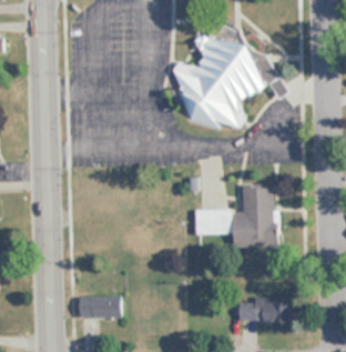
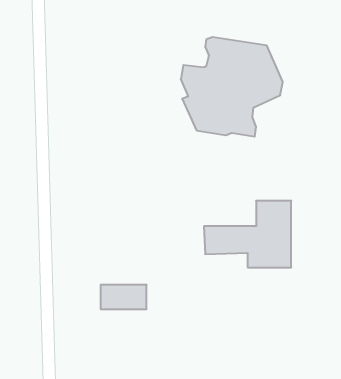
building: [80,295,122,318] -> [101,285,147,309]
building: [240,299,288,322] -> none

